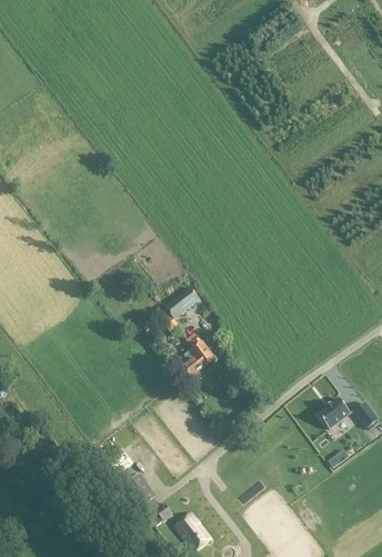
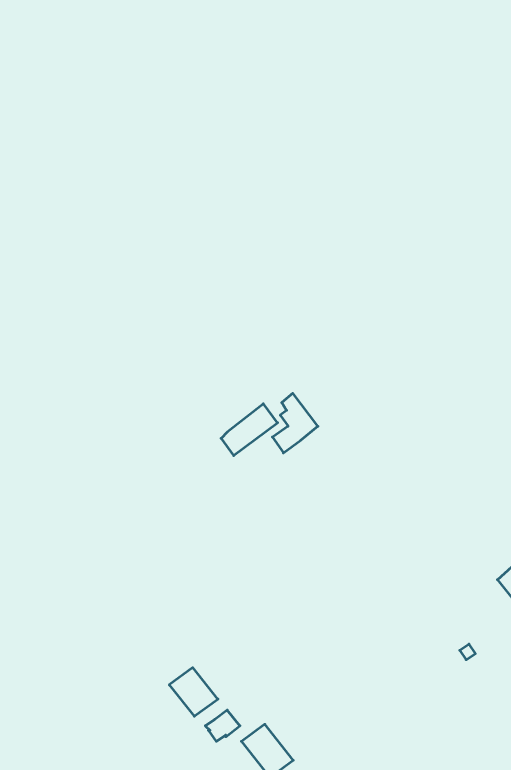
building: [182,336,214,378] -> [272,393,318,453]
building: [318,399,350,430] -> none

